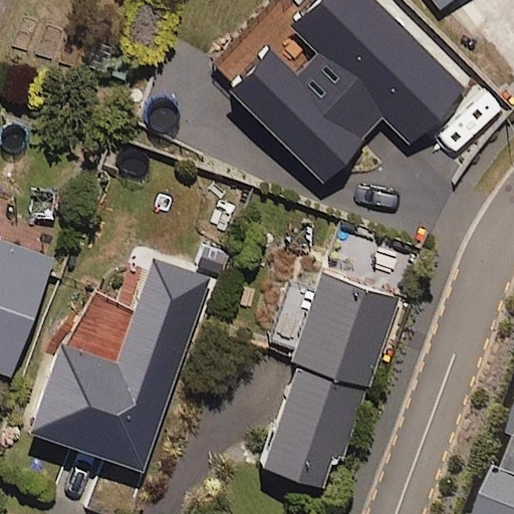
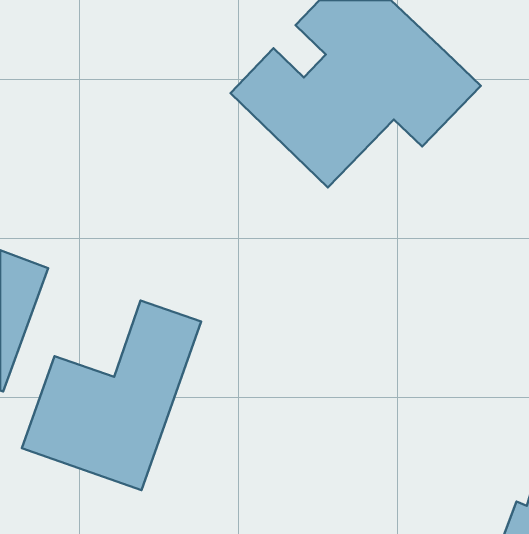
building: [258,272,401,488] -> none

